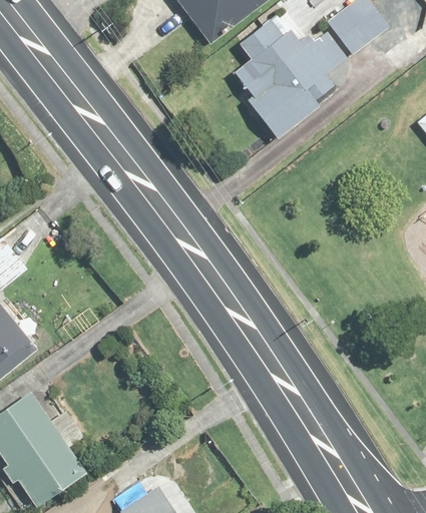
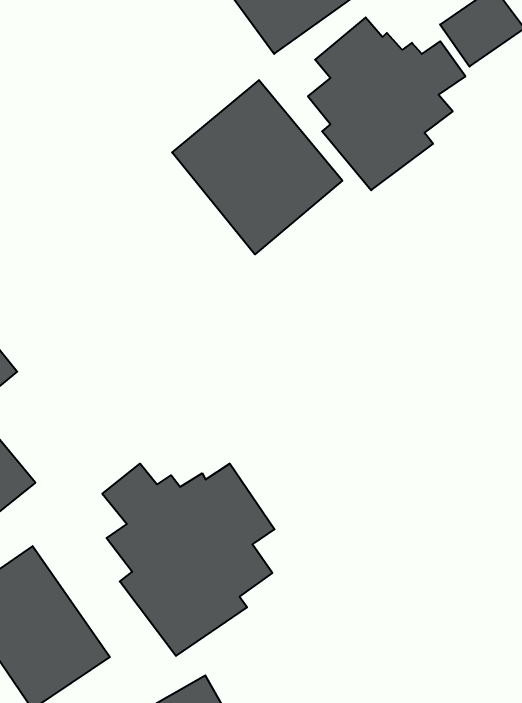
building: none -> [172,80,342,254]
building: none -> [102,464,275,656]

